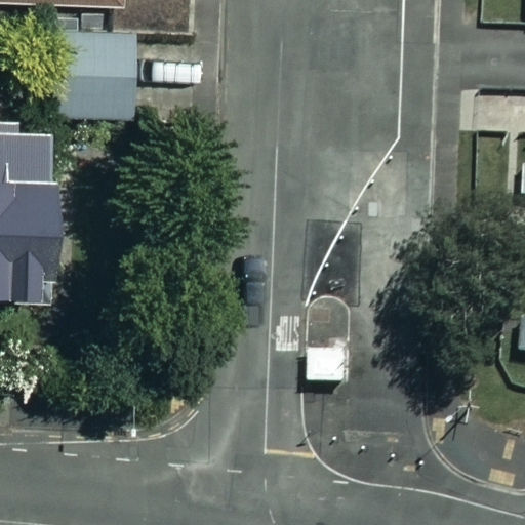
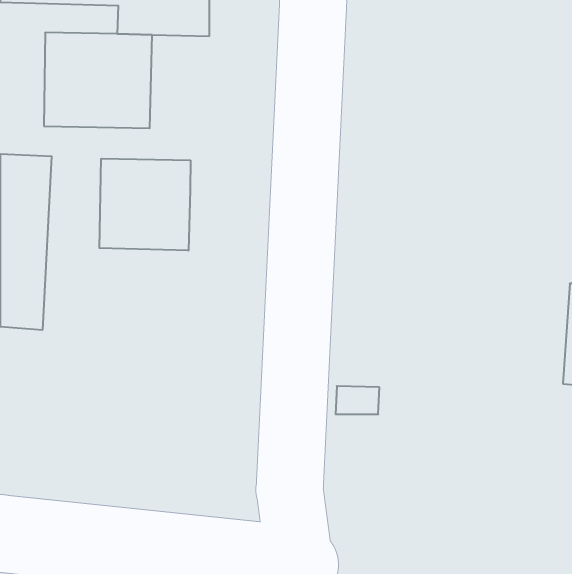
building: none -> [99,159,190,251]

